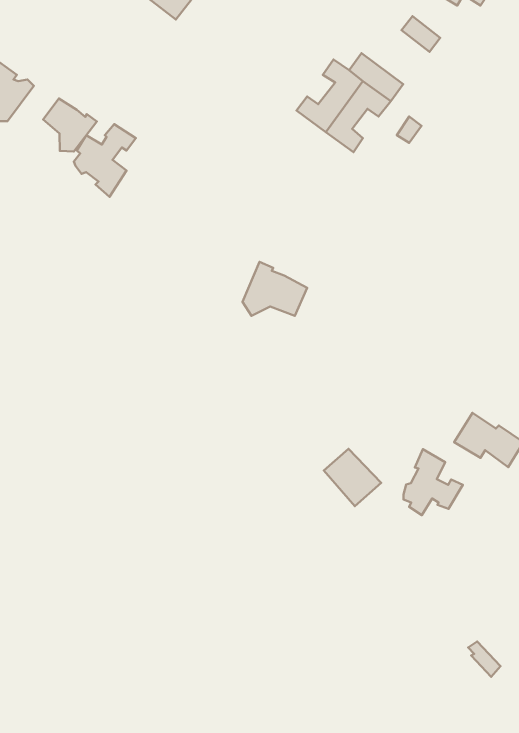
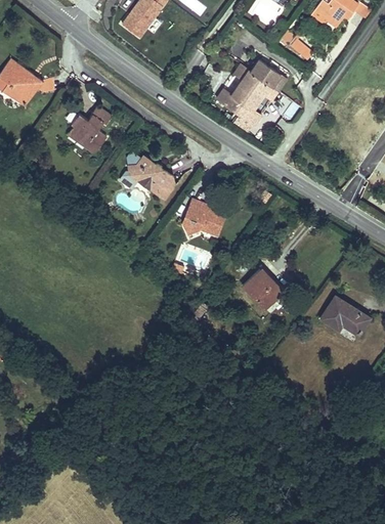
building: [43,98,97,152] -> none
building: none -> [127,156,173,200]
building: [324,449,381,506] -> [245,269,283,307]
building: [403,449,463,515] -> none

